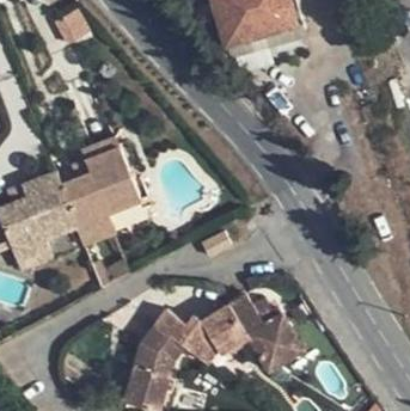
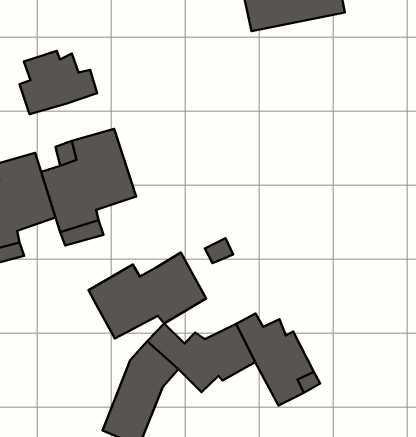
building: none -> [20,51,97,114]
building: none -> [88,253,206,338]

